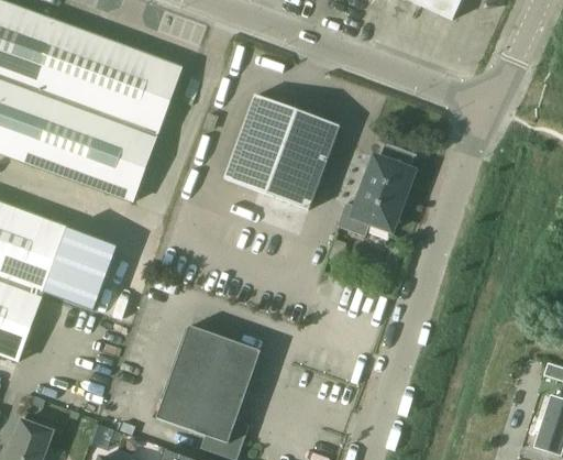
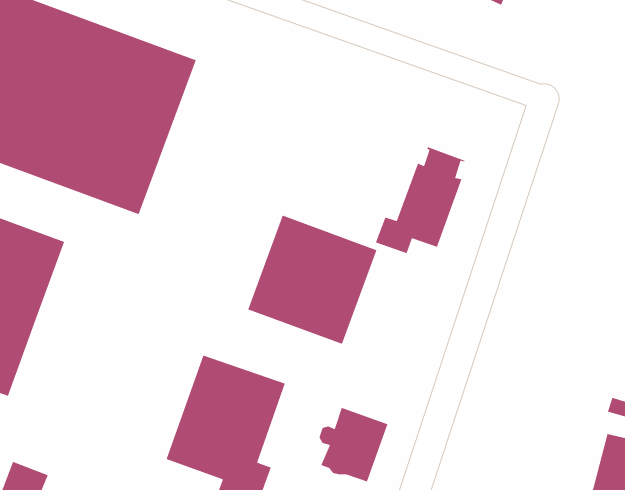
building: [227,95,341,209] -> [247,215,378,345]
building: [43,224,117,309] -> none
building: none -> [319,407,388,483]

